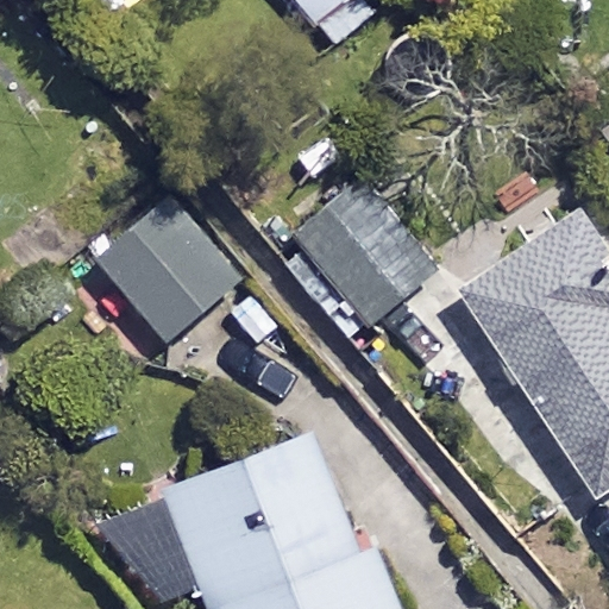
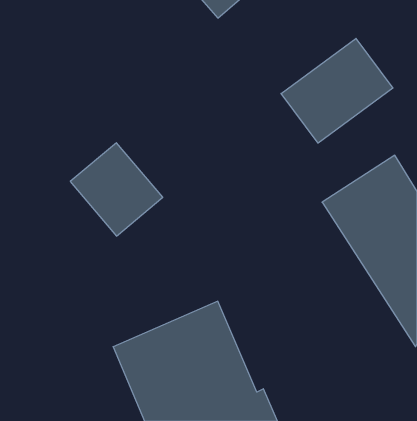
building: none -> [281,38,393,143]
building: [260,153,439,340] -> none

